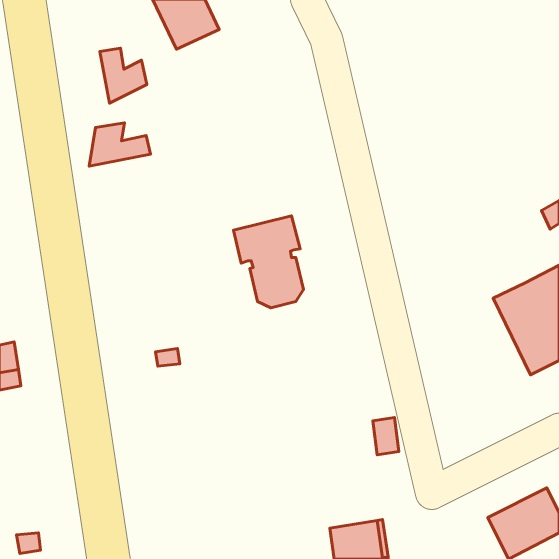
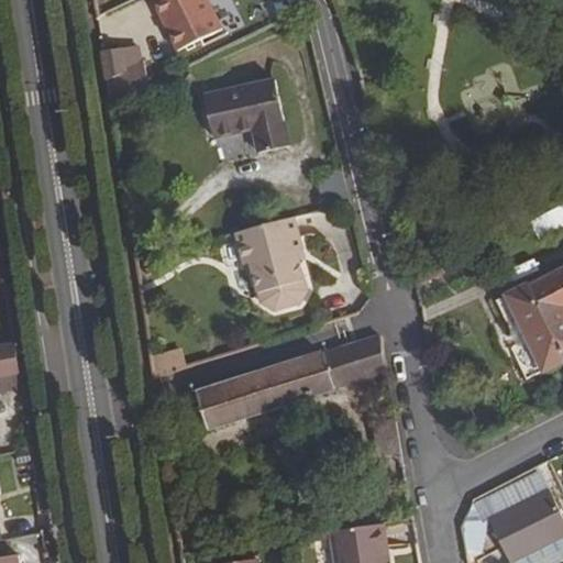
building: none -> [203,78,289,152]
building: [89,123,151,166] -> none
building: none -> [198,333,387,427]

